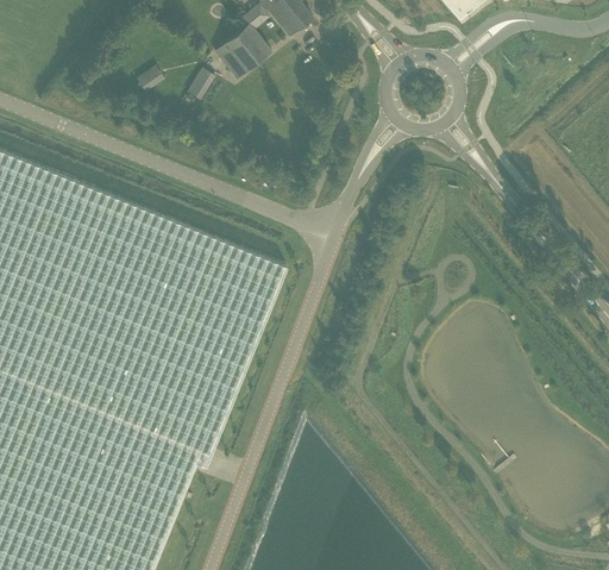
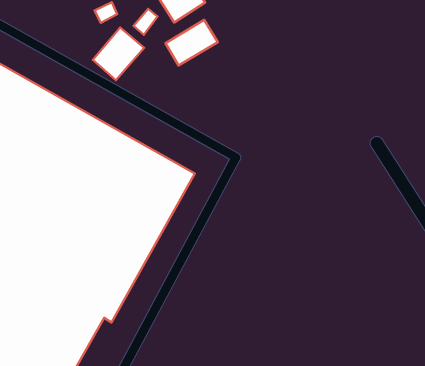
building: none -> [166,20,218,65]
building: none -> [93,28,144,80]

